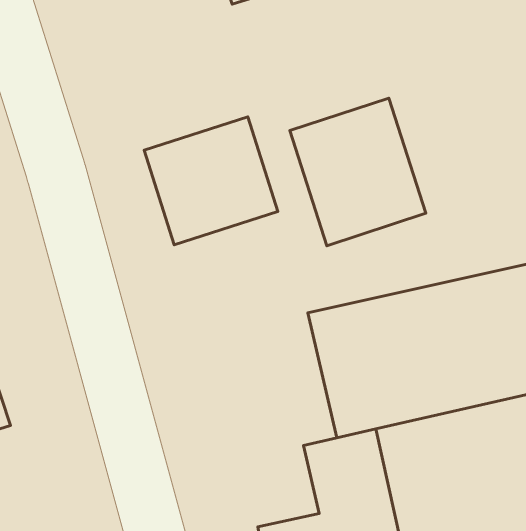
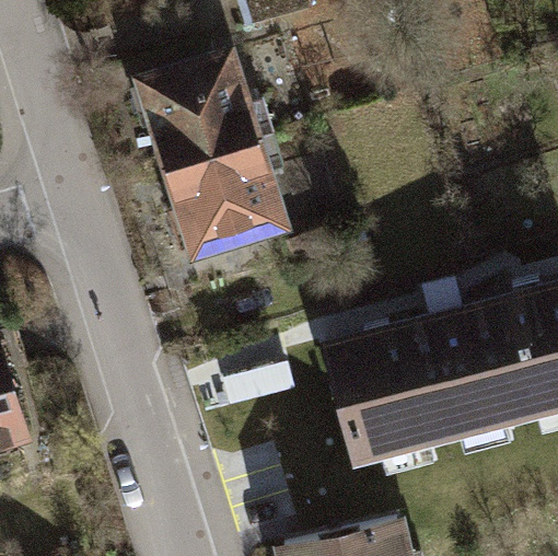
building: none -> [132,47,264,172]
building: [290,98,426,246] -> none

